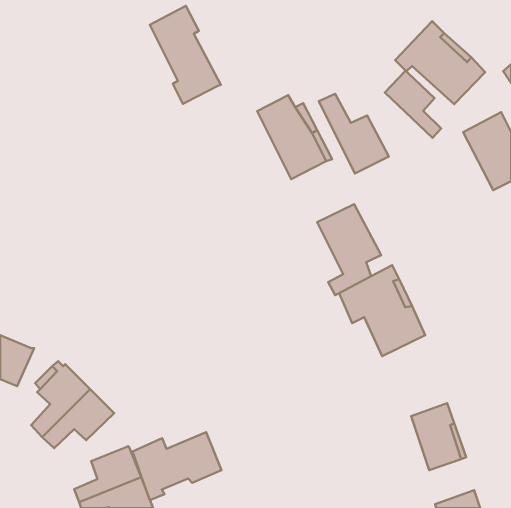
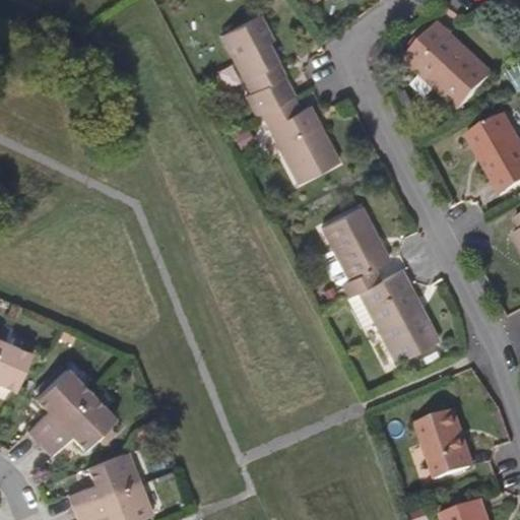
building: [150,6,221,104] -> [223,15,296,115]
building: [385,71,441,138] -> none
building: [319,94,389,173] -> none
building: [132,432,221,500] -> none

